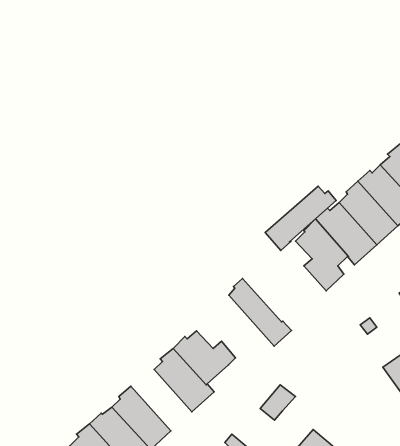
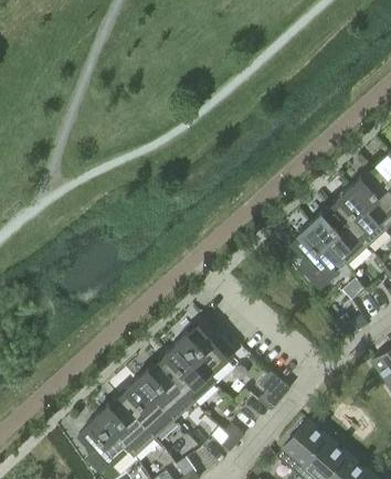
building: [265,186,336,251] -> none
building: [229,279,291,346] -> none
building: none -> [137,362,194,419]

